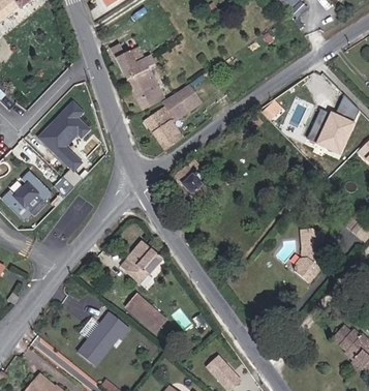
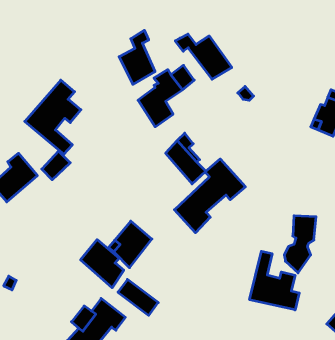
building: [114,38,147,77] -> none
building: none -> [175,34,232,79]
building: none -> [174,159,245,233]
building: none -> [81,240,124,288]
building: none -> [250,251,299,310]

